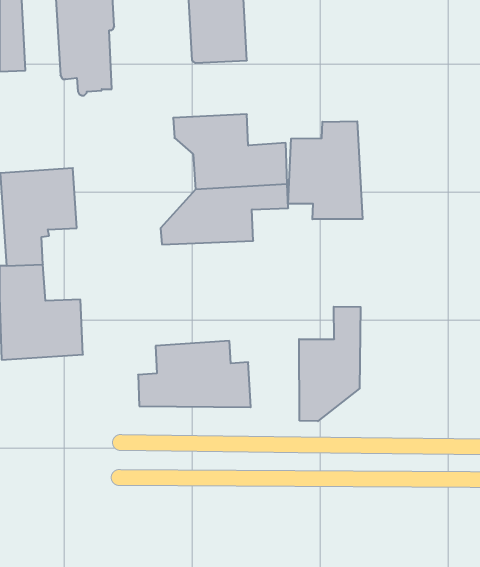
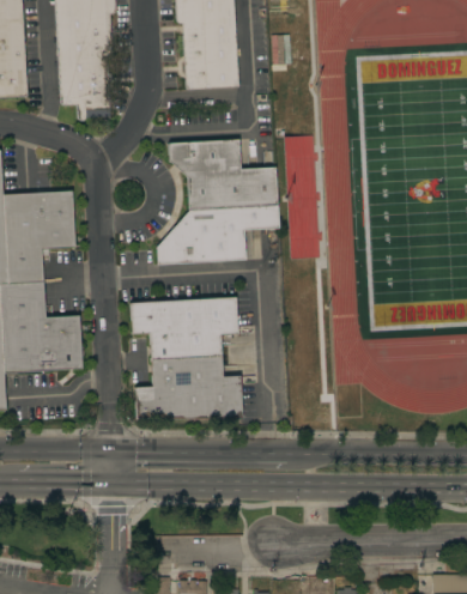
building: [288,121,363,219] -> none
building: none -> [129,296,237,359]
building: [299,307,361,421] -> none

